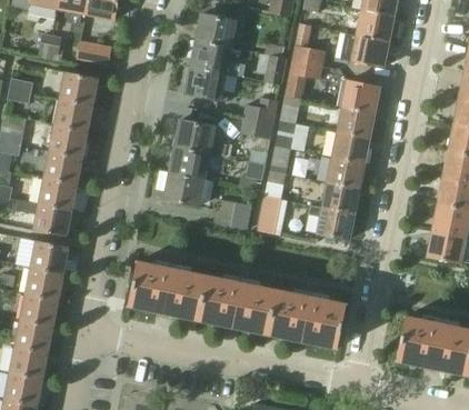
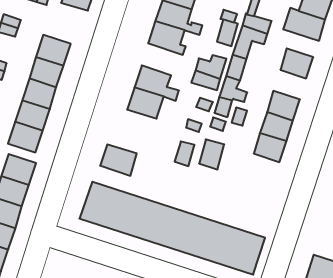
building: [60,70,98,103] -> none
building: [336,106,372,138] -> none
building: [162,172,203,206] -> [100,144,137,176]
building: [309,204,352,239] -> none

